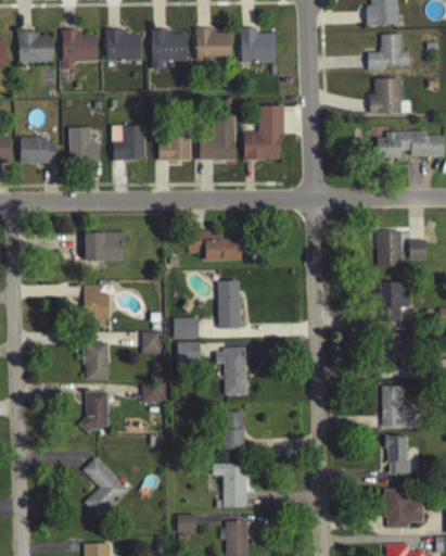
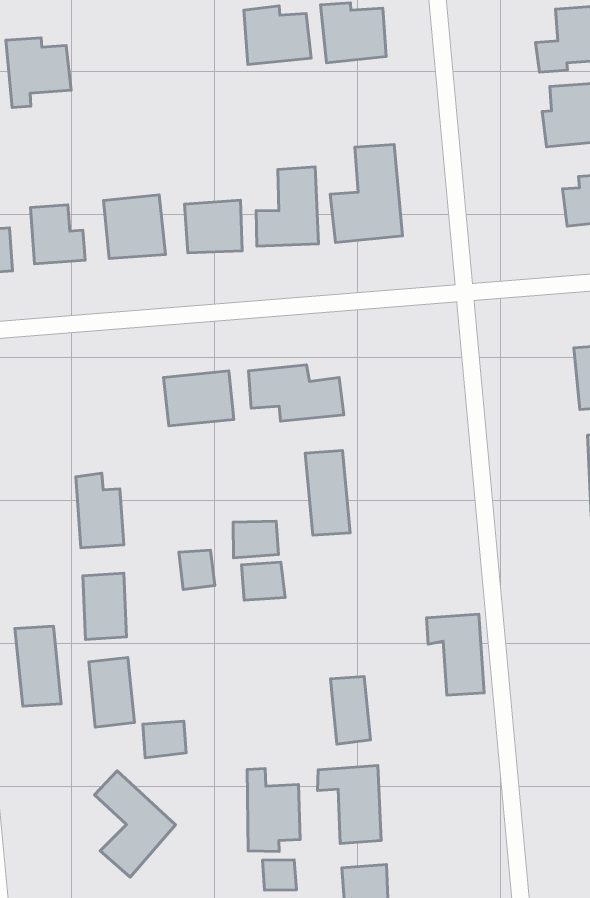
building: [156,22,192,63] -> none
building: [111,23,146,54] -> none
building: [85,231,124,261] -> [163,371,234,426]
building: [216,349,246,394] -> [426,614,484,695]
building: none -> [15,626,61,706]
building: [142,383,166,403] -> [143,721,186,758]
building: none -> [247,769,300,852]

